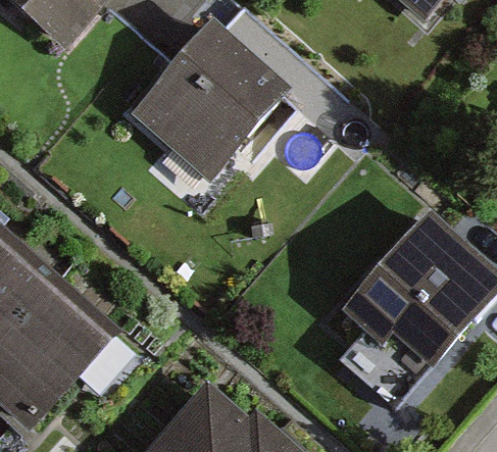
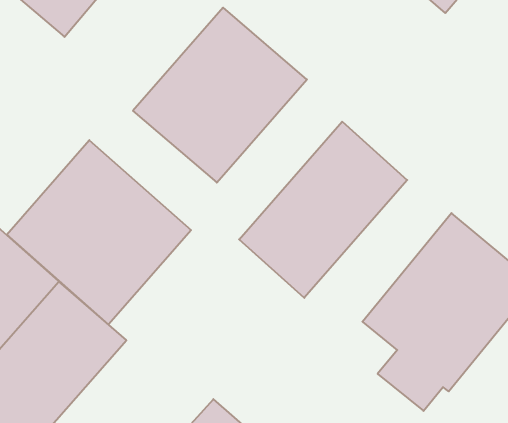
building: none -> [239,122,407,298]
building: none -> [7,140,191,325]

